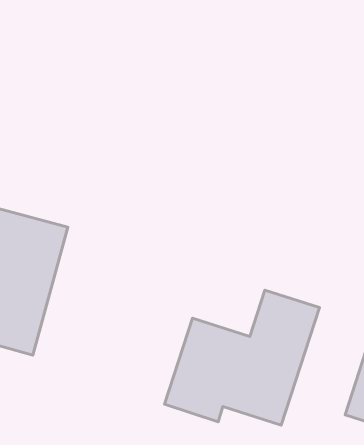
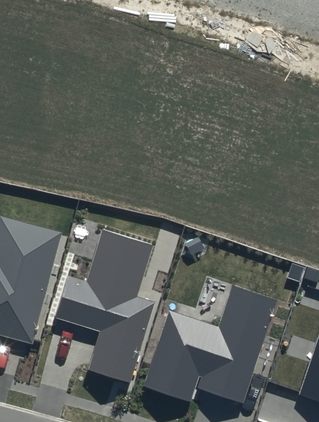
building: none -> [55,228,155,382]

